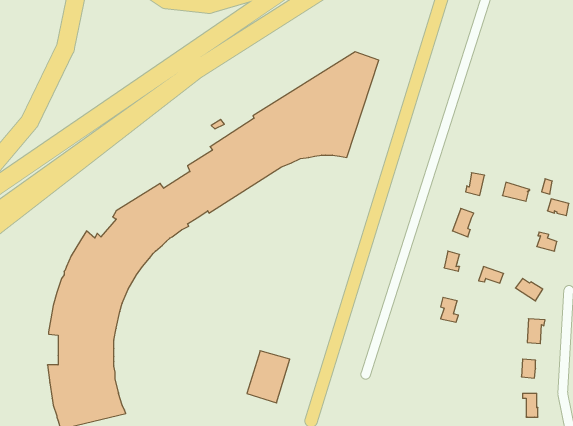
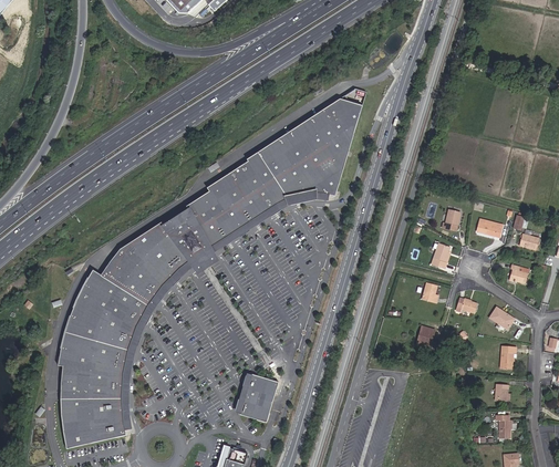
building: none -> [115,193,319,430]

